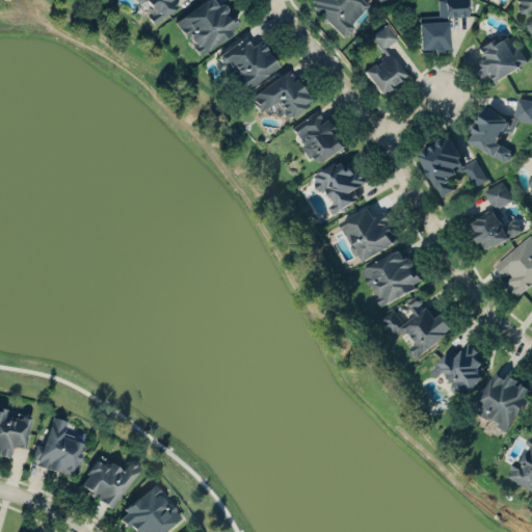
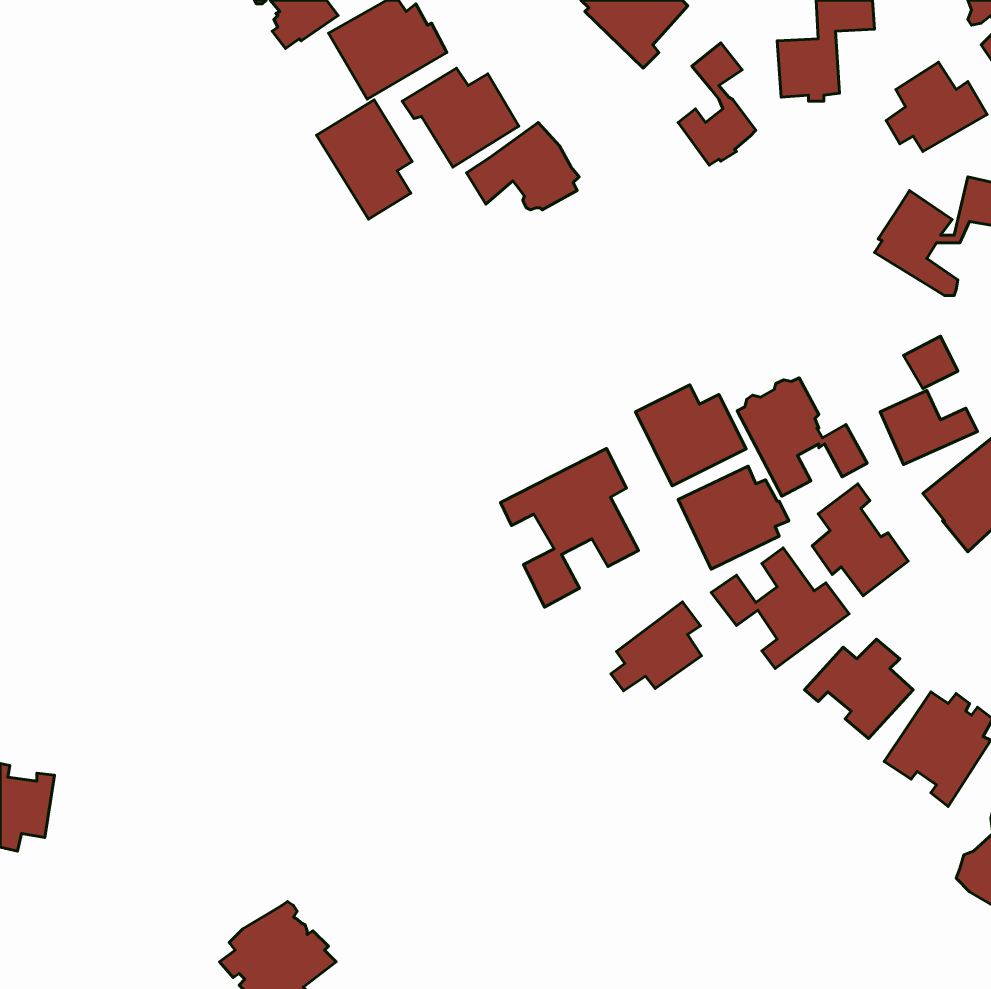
building: none -> [317,100,412,219]
building: [292,109,347,158] -> none
building: [419,133,488,196] -> [737,378,867,496]
building: [315,157,369,212] -> none
building: none -> [501,449,638,607]
building: none -> [812,484,908,596]
building: none -> [611,602,701,691]
building: [31,418,83,477] -> none
building: [82,454,139,505] -> none

